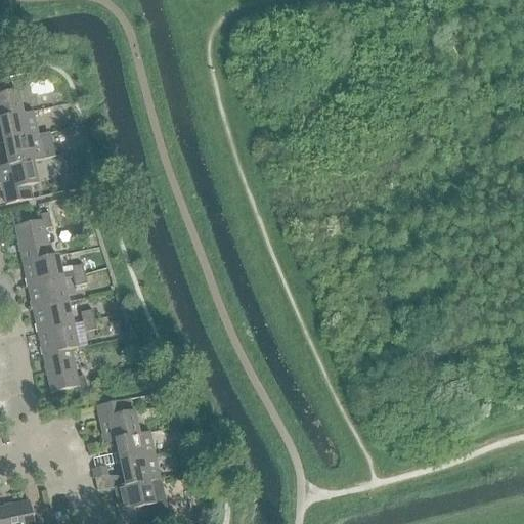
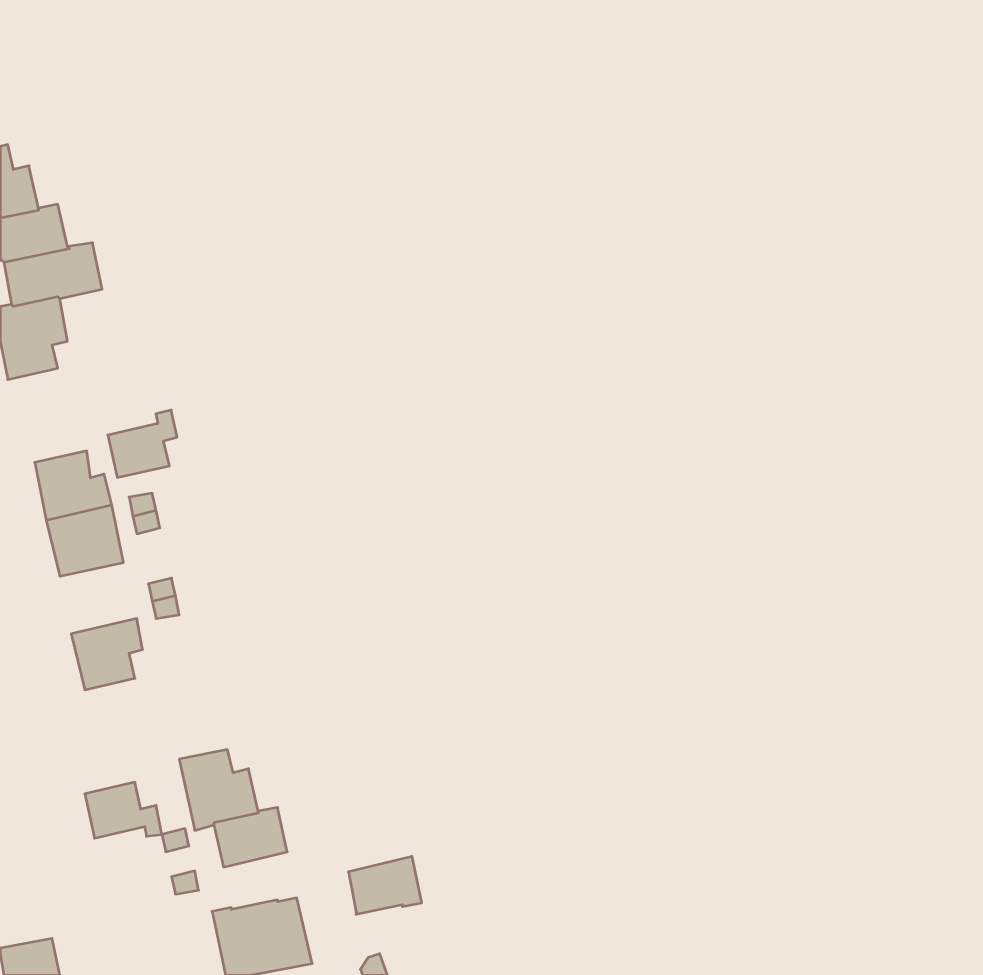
building: [14,210,51,246] -> [108,410,177,477]
building: [33,299,74,337] -> none
building: [46,360,87,390] -> [85,782,162,838]
building: [120,452,159,483] -> [348,856,422,914]

